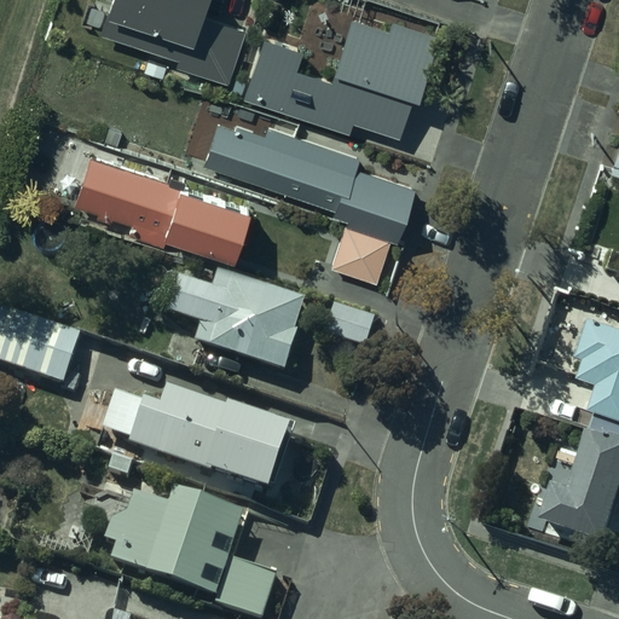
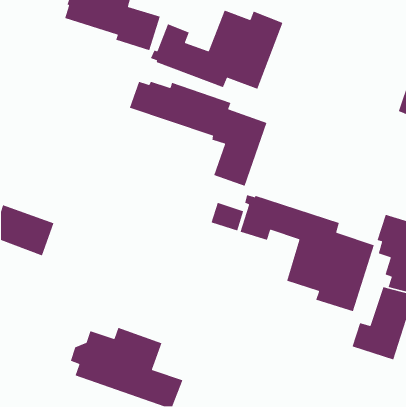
building: [86,146,250,253] -> none
building: [162,273,305,375] -> none
building: none -> [239,194,375,312]
building: [108,386,305,505] -> none

